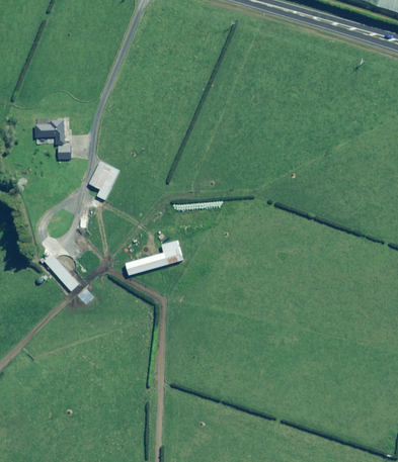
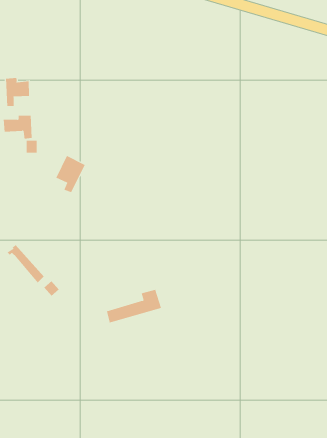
building: none -> [5,77,30,107]
building: [127,241,183,275] -> [106,289,162,323]

